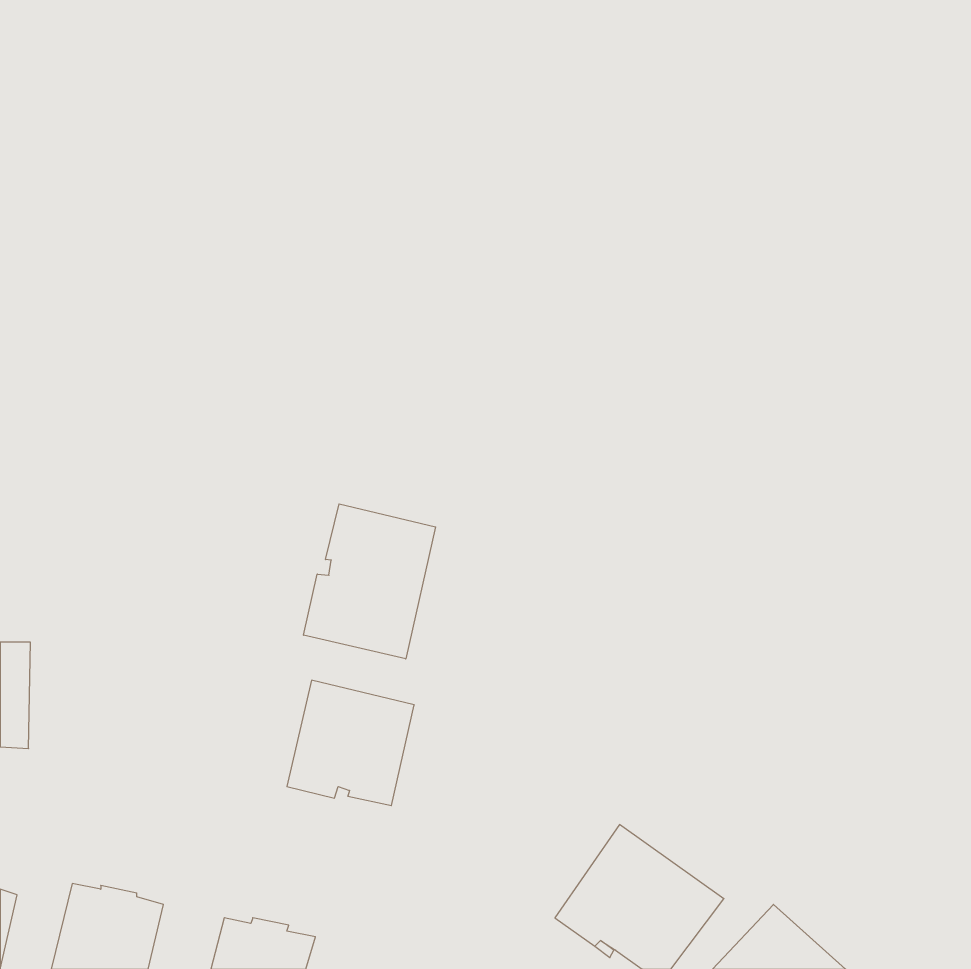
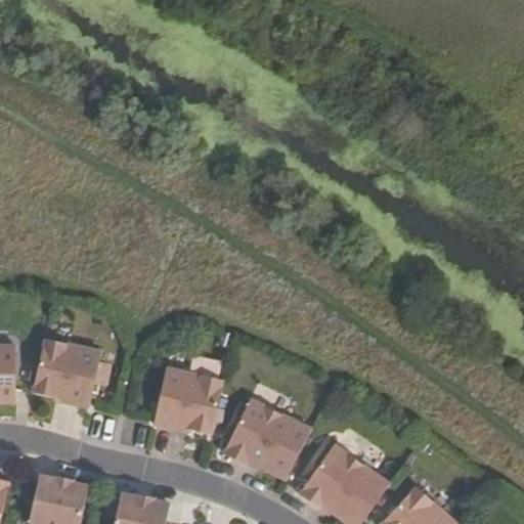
building: [304,504,436,659] -> none
building: none -> [32,339,100,408]
building: none -> [223,398,311,480]

